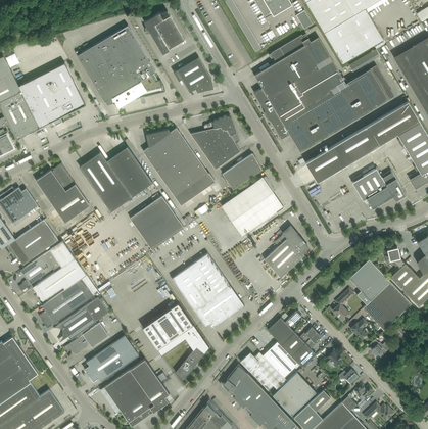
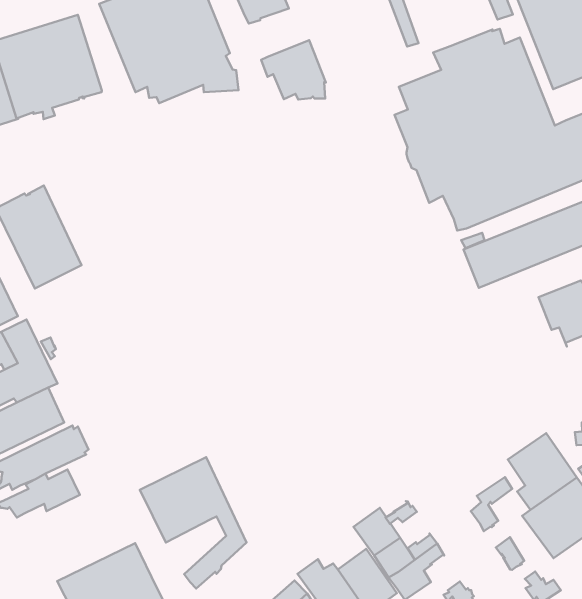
building: [191,114,241,170] -> none
building: [143,128,216,205] -> none
building: [80,146,153,211] -> none
building: [223,153,263,189] -> none
building: [222,177,284,236] -> none
building: [130,196,184,250] -> none
building: [265,227,308,278] -> none
building: [173,253,244,328] -> none
building: [85,335,139,382] -> none

